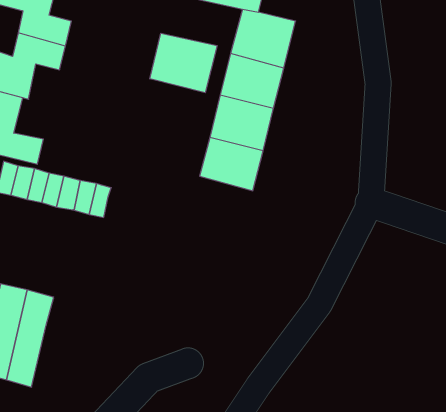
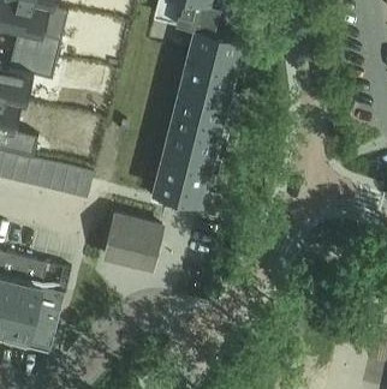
building: [150,33,217,93] -> none
building: none -> [156,168,207,209]
building: none -> [102,220,160,273]
building: none -> [25,268,62,349]

